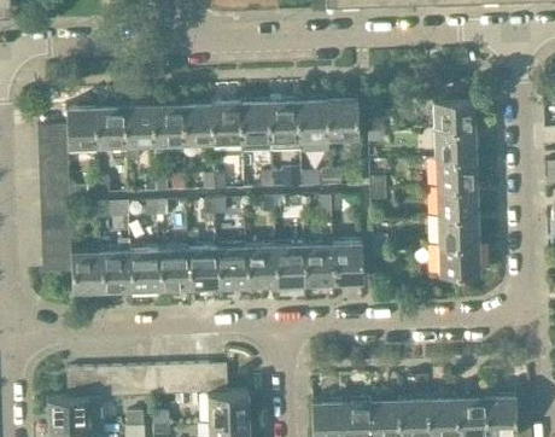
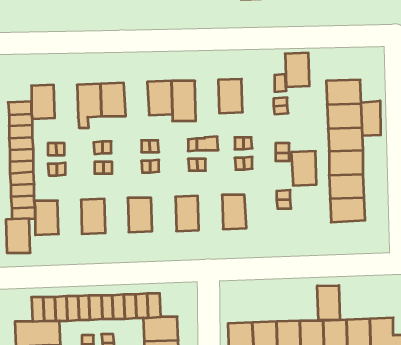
building: [328,99,358,141] -> [285,53,309,87]
building: [270,101,300,152] -> none
building: [182,104,214,146] -> none
building: [95,107,125,148] -> none
building: none -> [361,101,381,136]
building: [332,243,363,285] -> [291,151,316,185]
building: [274,244,305,287] -> none
building: [216,246,247,289] -> none
building: [158,247,188,291] -> none
building: [100,250,130,292] -> [6,219,30,253]
building: none -> [317,285,340,320]

